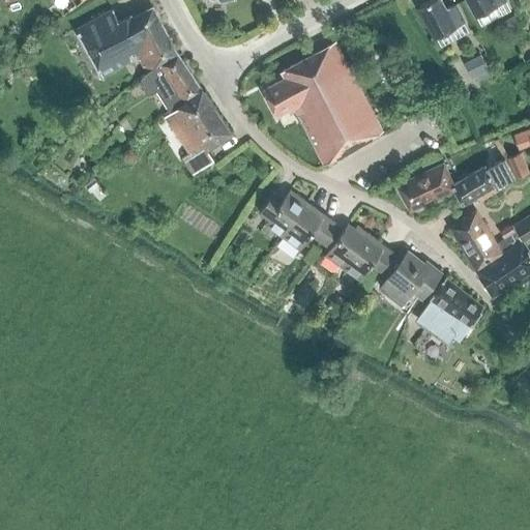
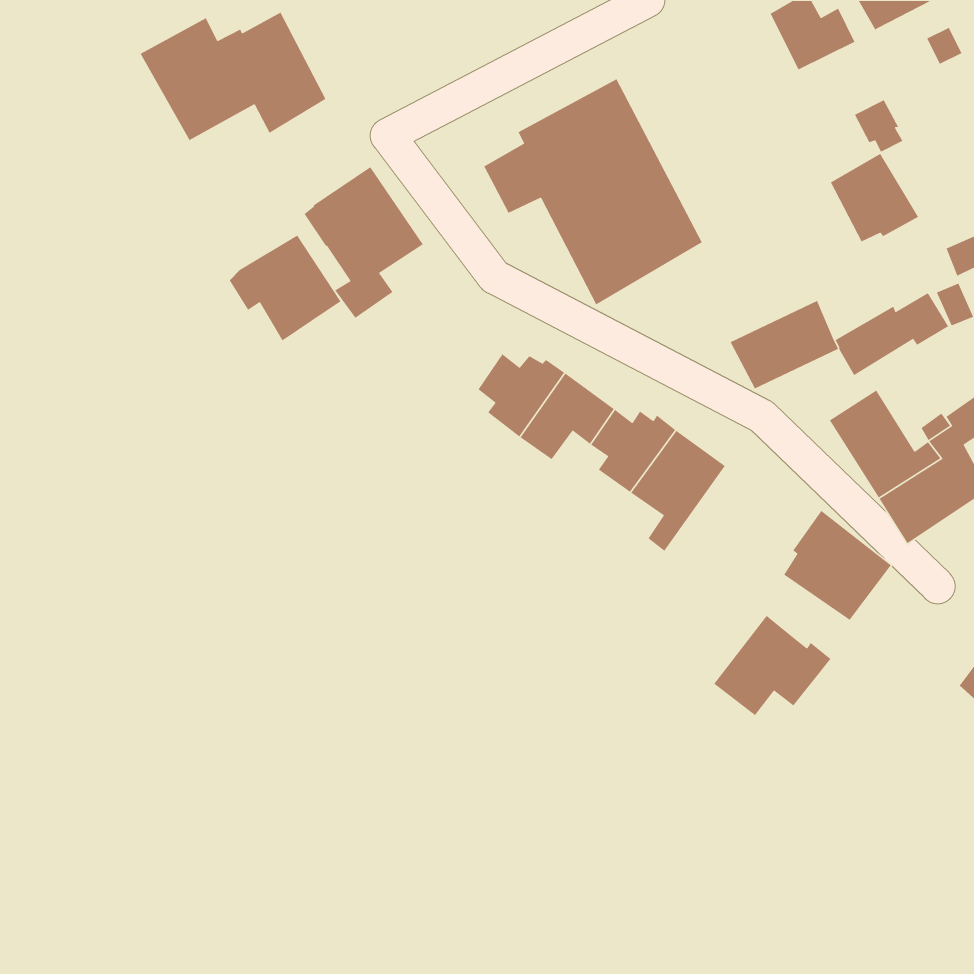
building: [141,55,202,113] -> [229,235,342,342]
building: none -> [830,153,919,242]
building: [379,251,443,305] -> [713,615,832,716]

